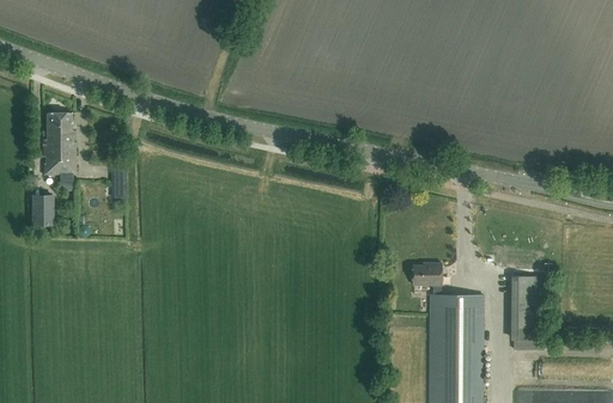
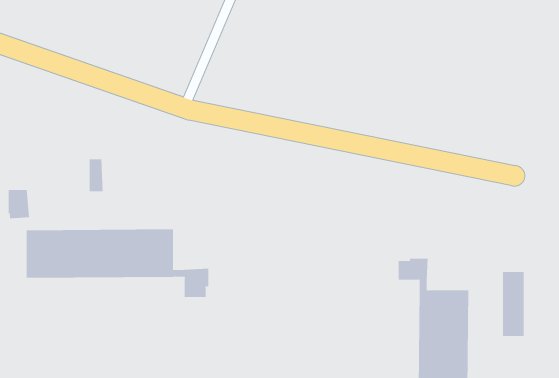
building: [43,114,78,176] -> none
building: none -> [26,228,209,298]

